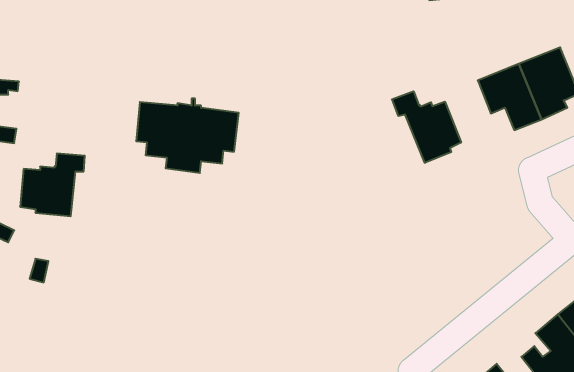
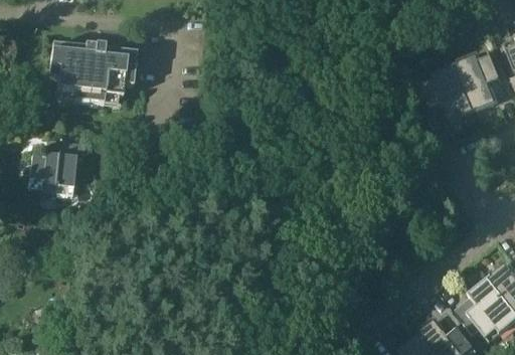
building: [392,91,461,163] -> none
building: [136,99,239,173] -> [49,39,137,103]

